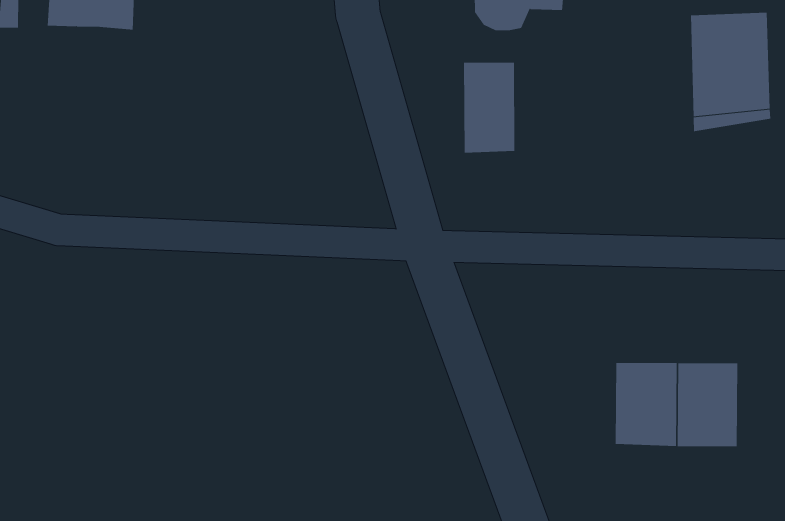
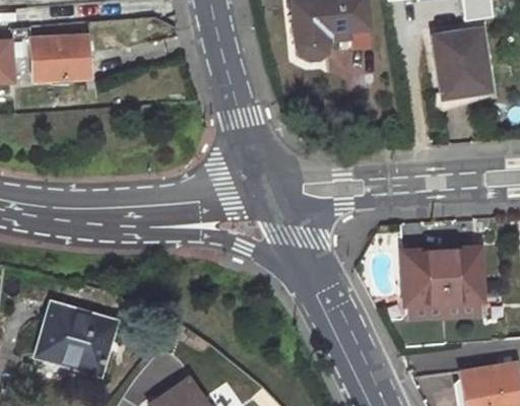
building: [463,62,515,154] -> none
building: none -> [34,299,113,371]

